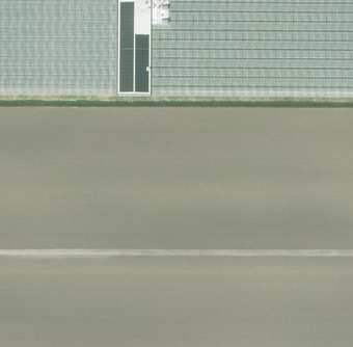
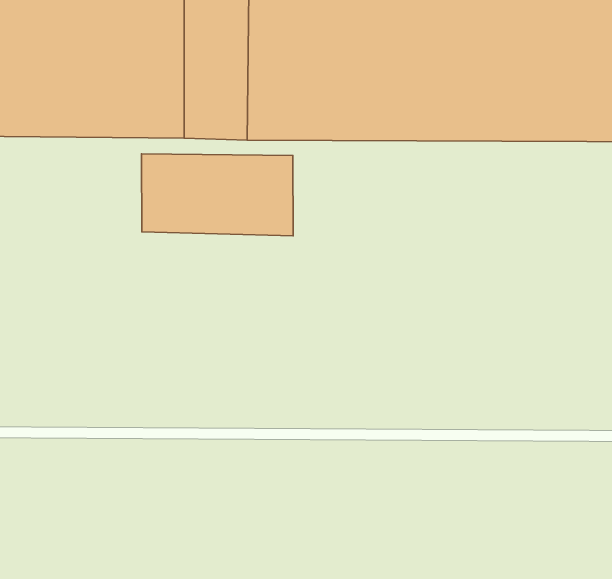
building: none -> [141,154,293,236]

